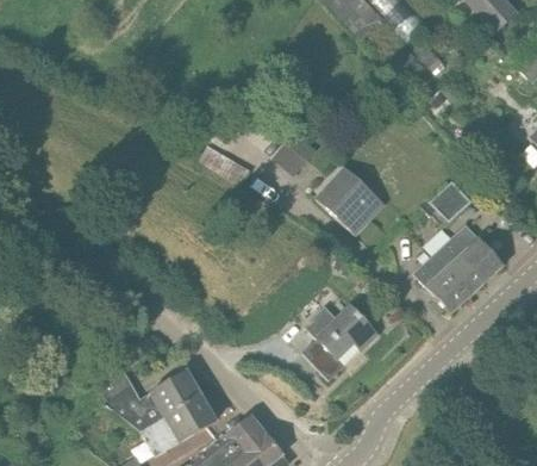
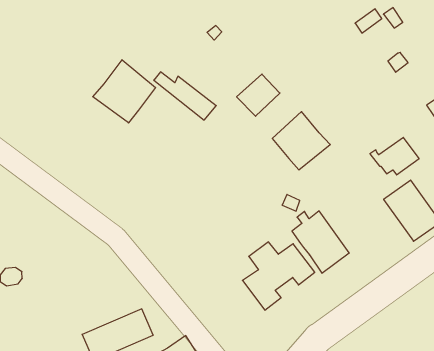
building: none -> [93,60,156,123]
building: [414,249,477,315] -> [292,211,349,273]
building: [98,367,200,430] -> none

